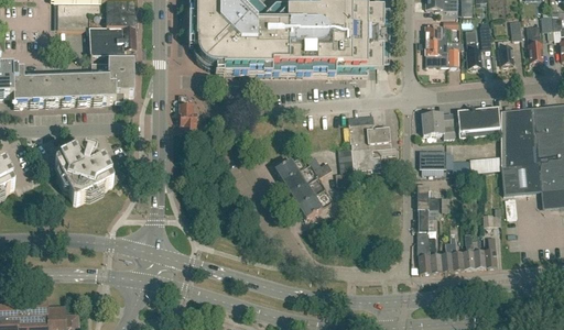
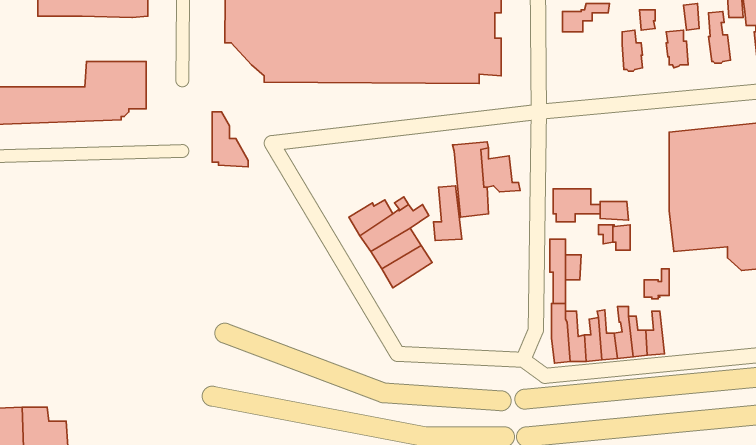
building: [88,28,135,55] -> none
building: [425,38,462,64] -> none
building: [457,104,500,135] -> none
building: [421,110,454,136] -> none
building: [54,151,113,202] -> none

